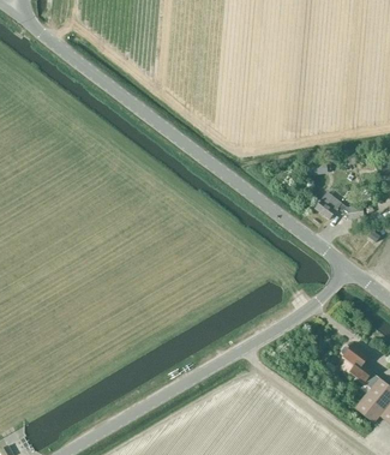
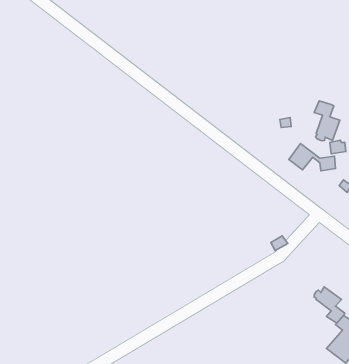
building: none -> [314,101,340,141]

